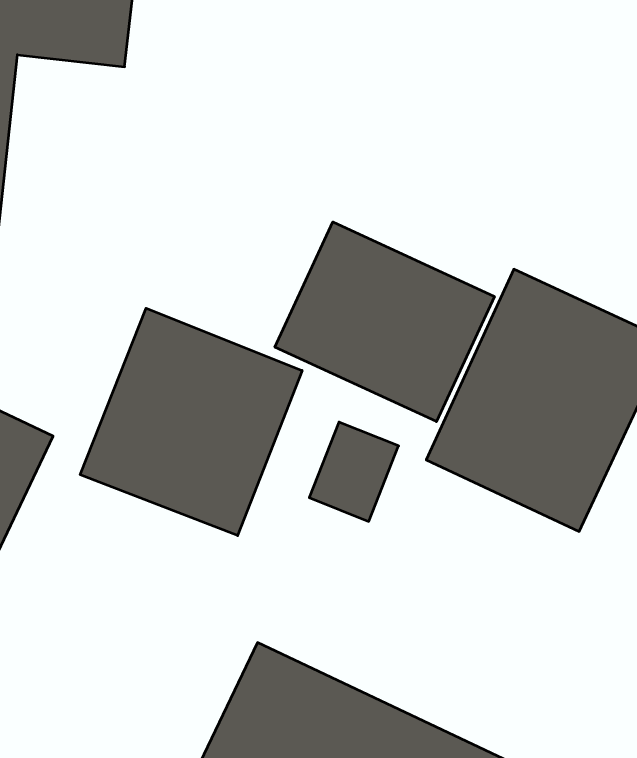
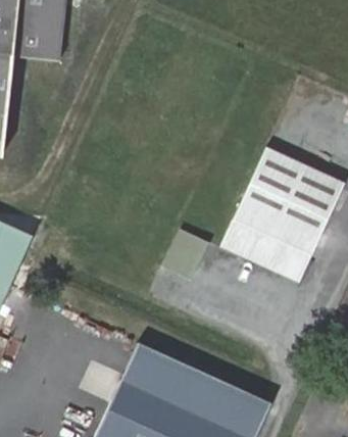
building: [275,222,494,422] -> none
building: [80,308,302,536] -> none

